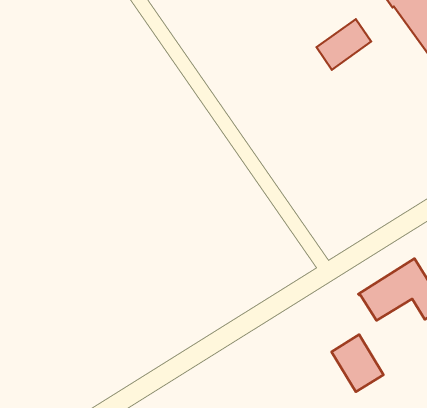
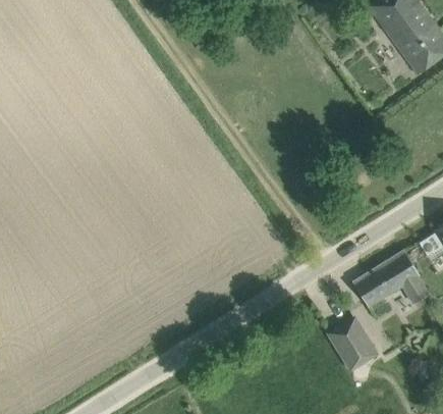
building: [316,19,371,70] -> none

